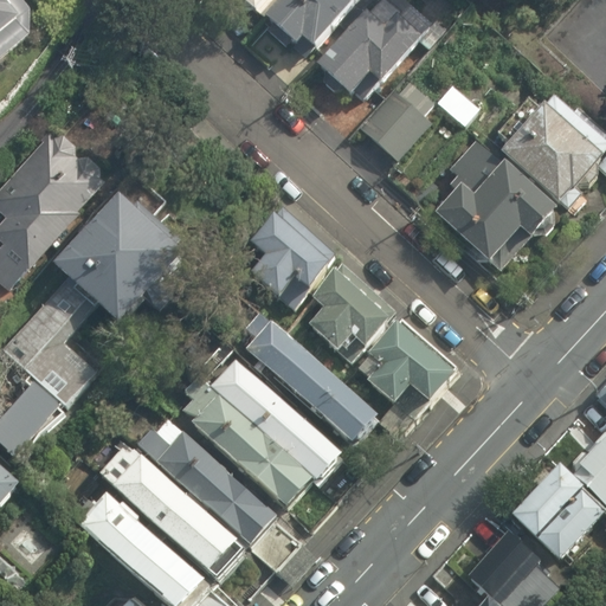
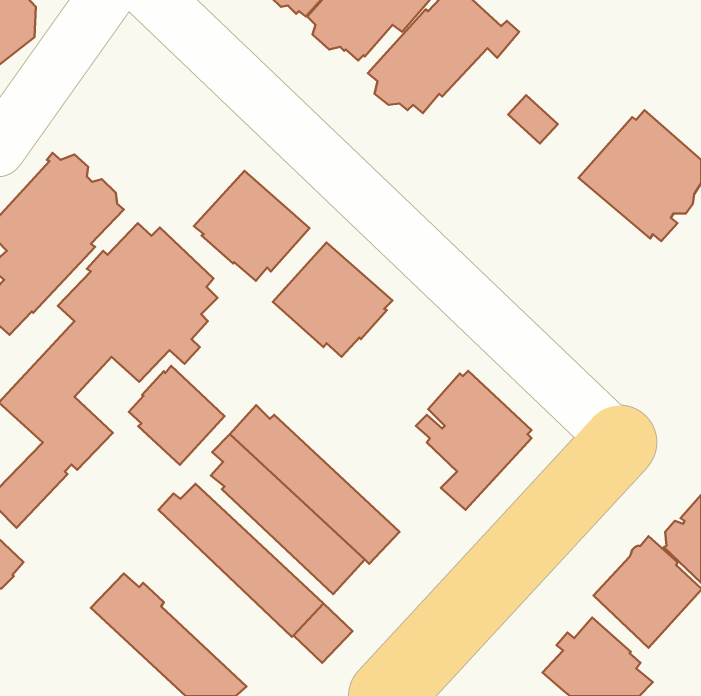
building: [359,78,434,160] -> none
building: [433,136,557,269] -> none
building: none -> [194,171,309,281]
building: [308,264,395,360] -> none
building: [245,310,378,445] -> none
building: none -> [129,366,224,465]
building: [98,446,244,581] -> none

